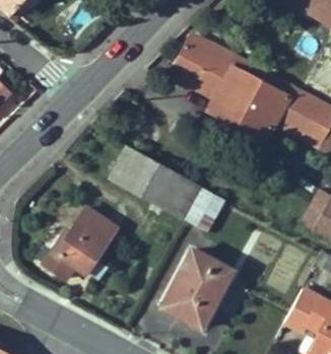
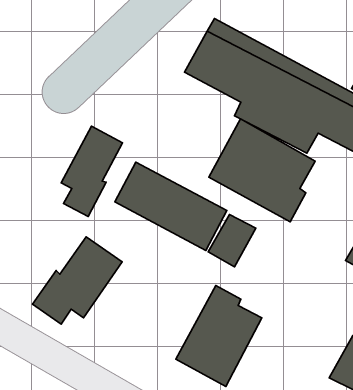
building: none -> [209,119,315,222]
building: none -> [61,126,122,217]

